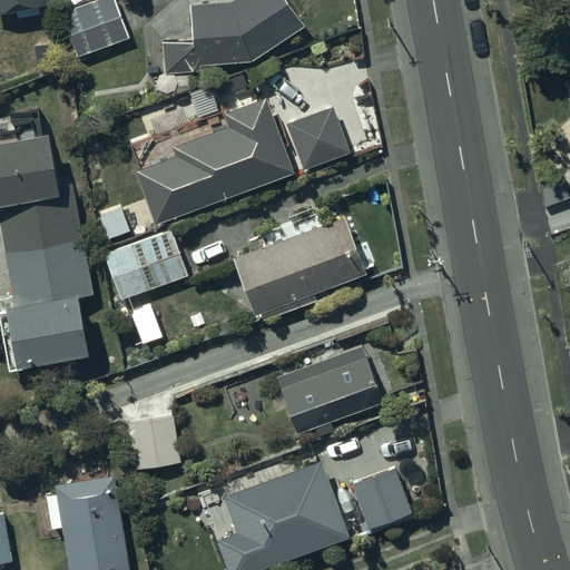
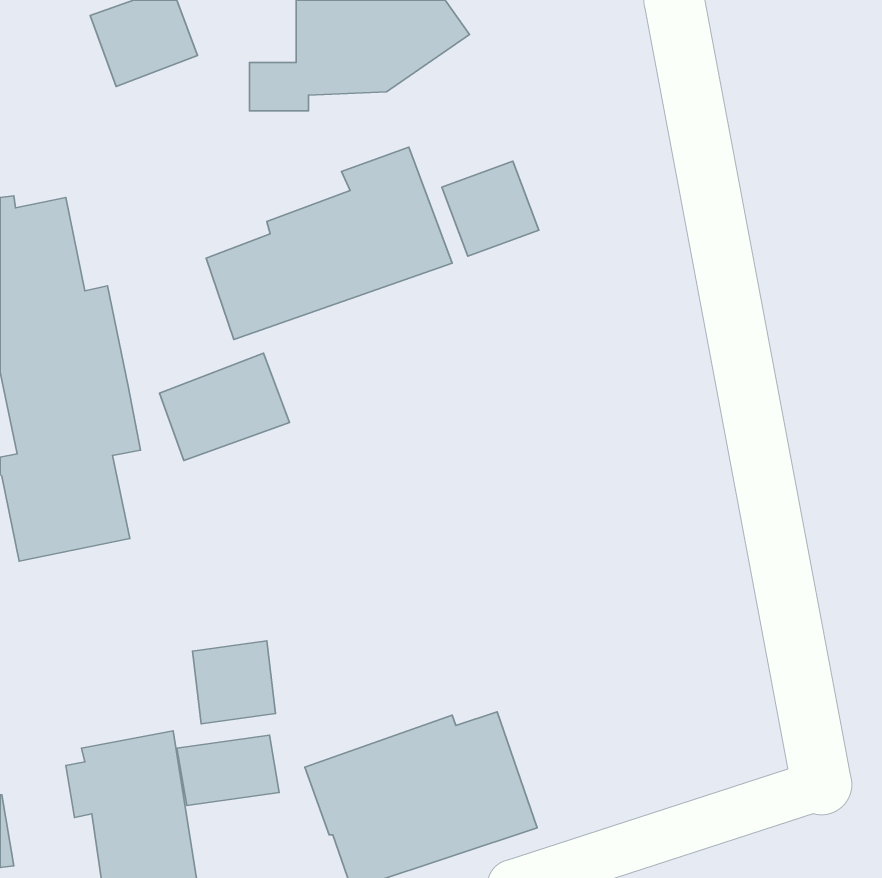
building: [234,214,364,321] -> none
building: [276,346,381,432] -> none
building: [352,469,413,529] -> none
building: none -> [177,735,279,806]

